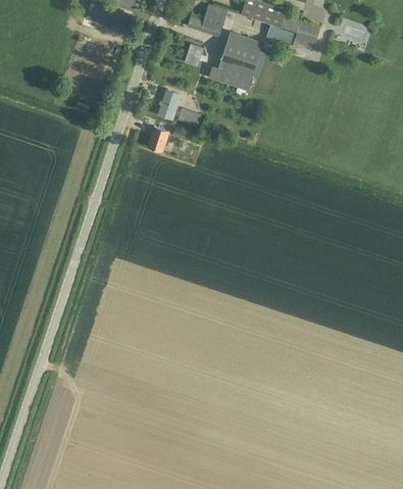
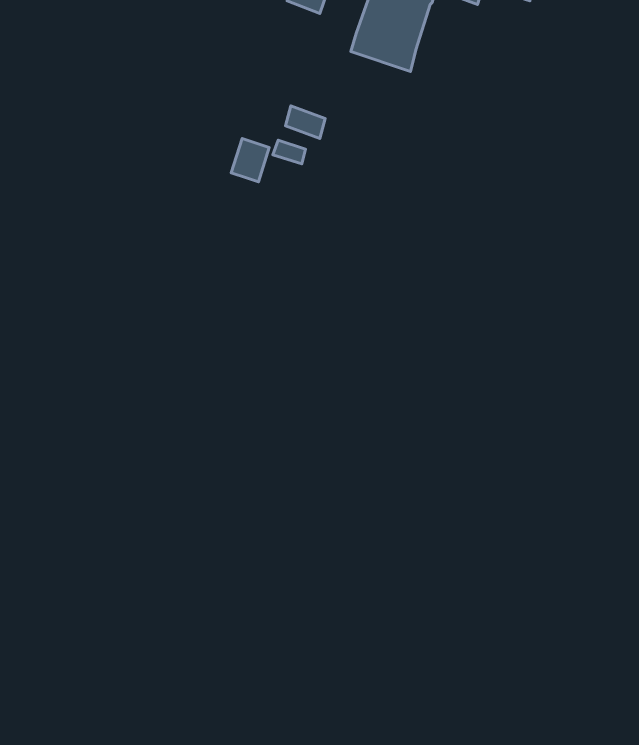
building: [157,89,181,118] -> none

